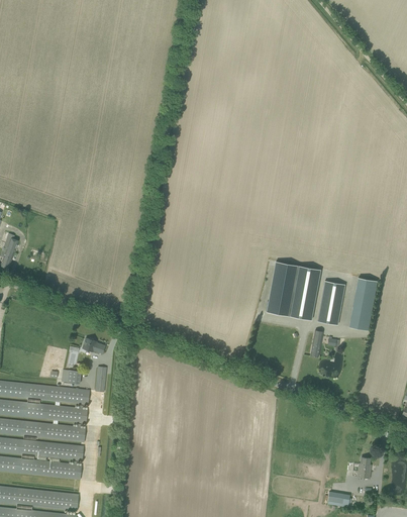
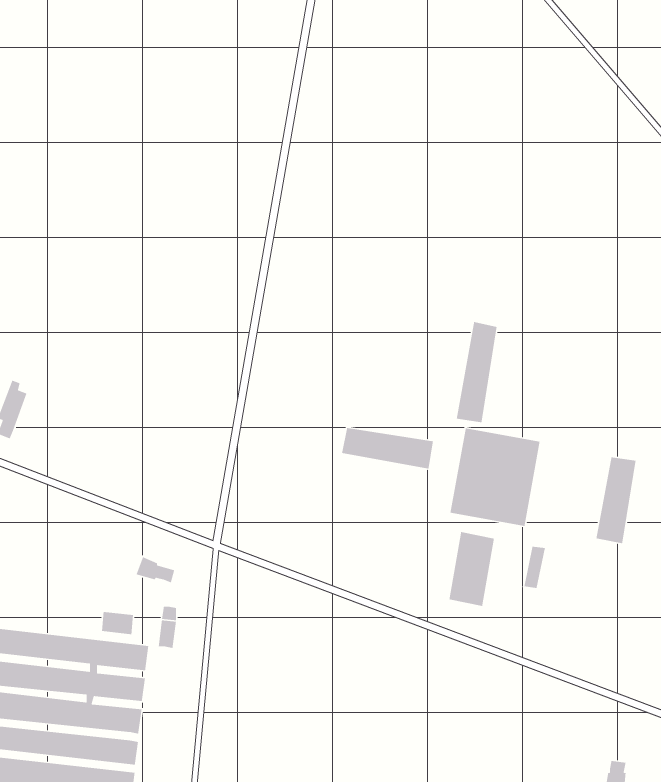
building: none -> [456,321,498,423]
building: none -> [341,427,434,469]
building: [317,281,344,325] -> [448,531,495,607]

